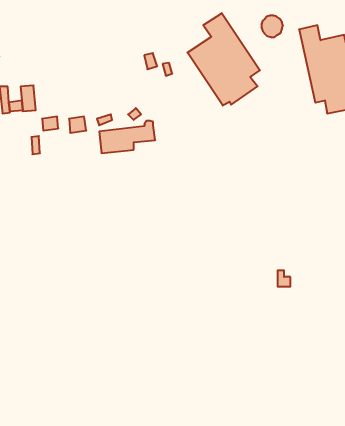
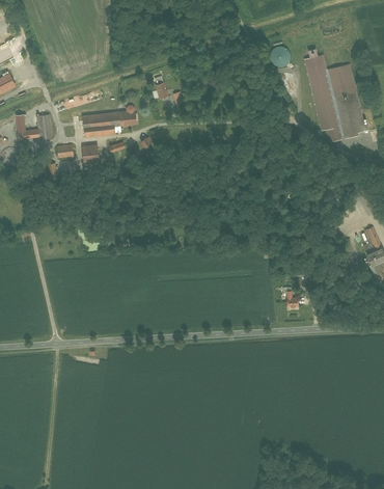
building: [187,13,260,106] -> none
building: [99,121,155,153] -> [83,106,137,137]

